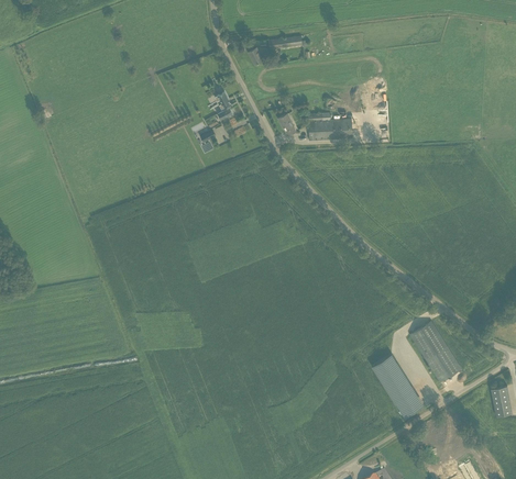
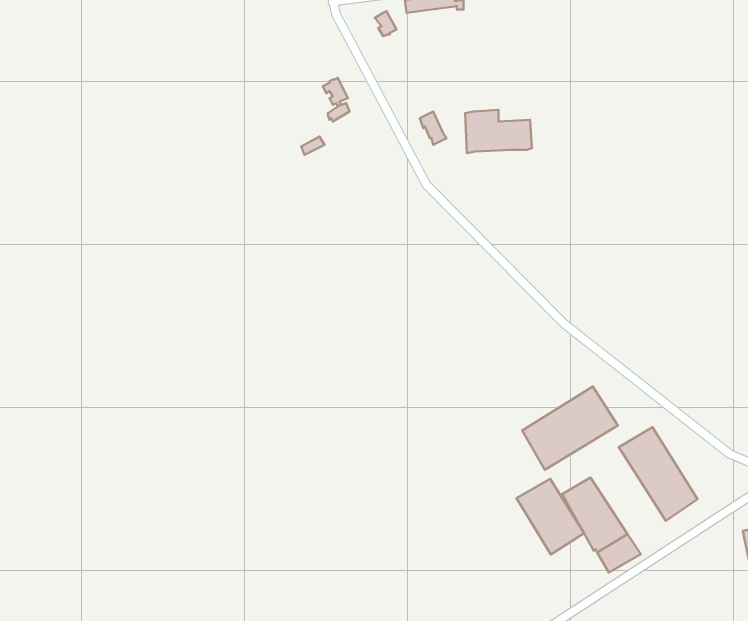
building: none -> [522,387,618,470]
building: none -> [516,479,584,555]

